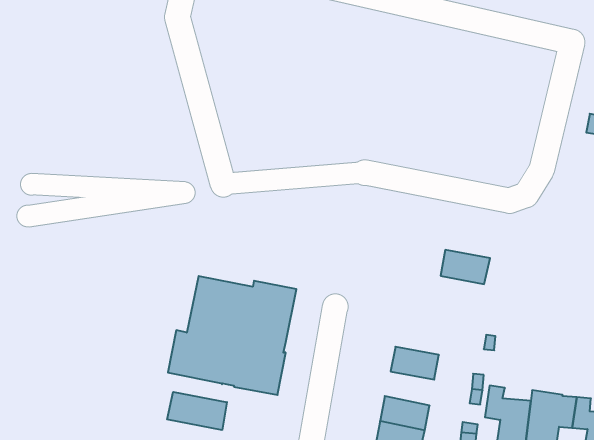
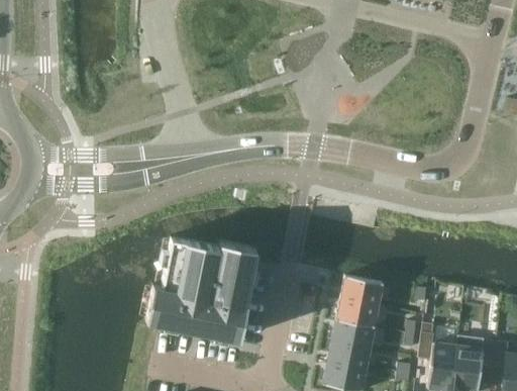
building: [441,250,490,284] -> [342,278,385,307]
building: none -> [333,321,376,351]
building: [167,392,227,430] -> none

